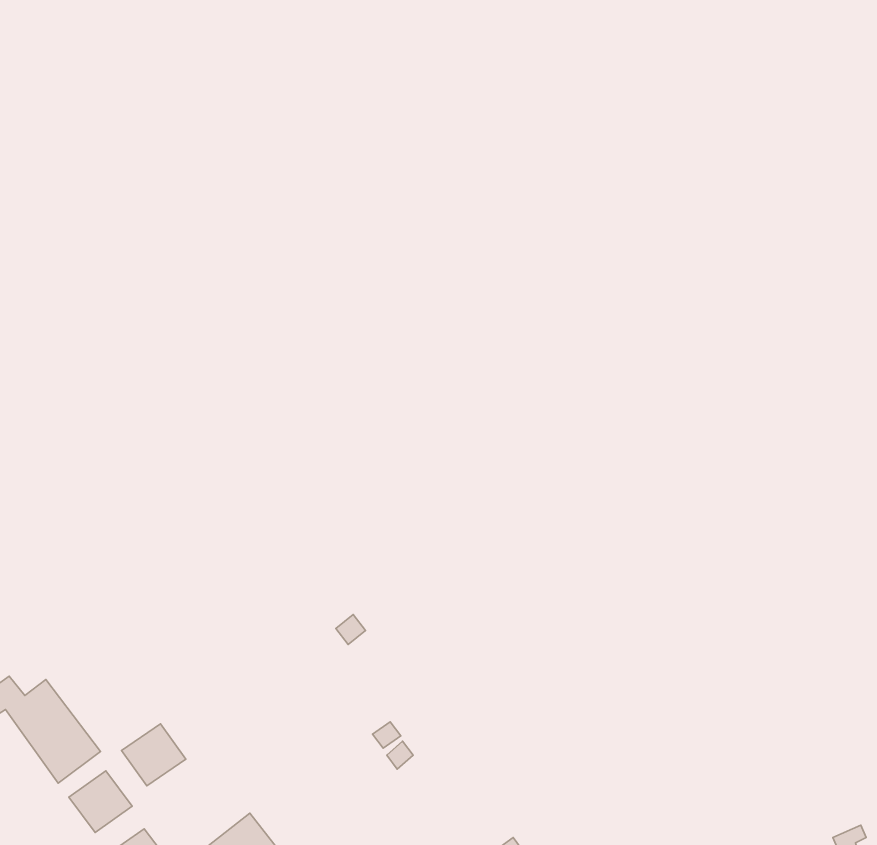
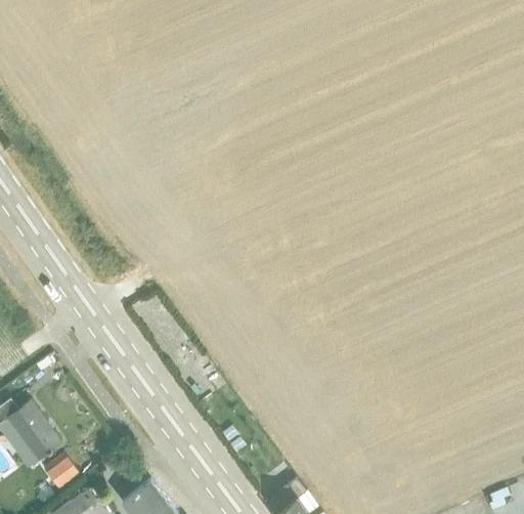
building: [122,724,186,786] -> none

